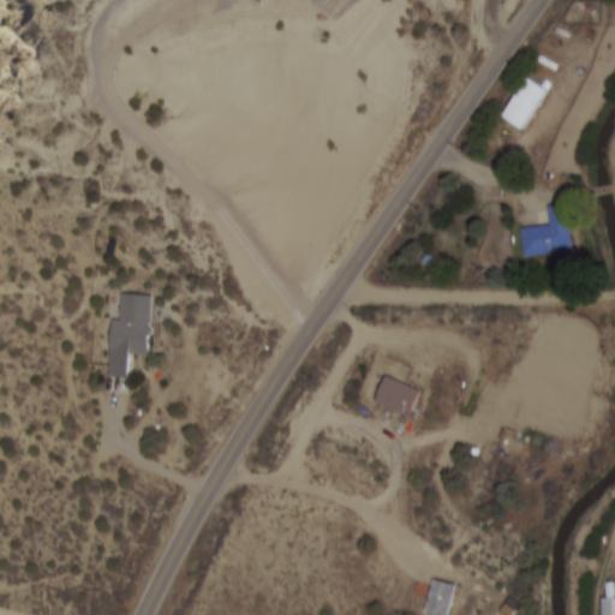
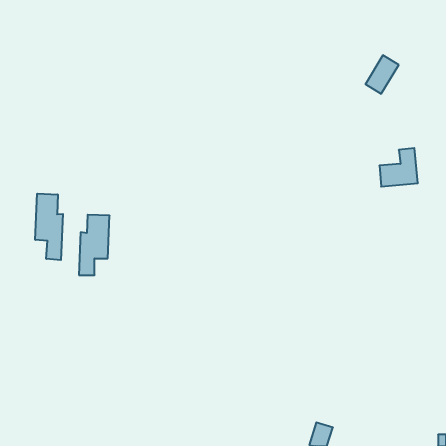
building: none -> [35,194,63,260]
building: [374,376,422,418] -> none

